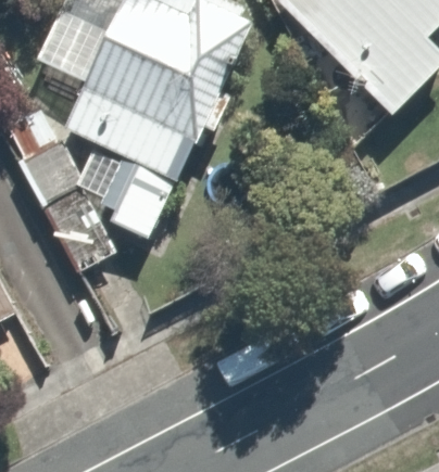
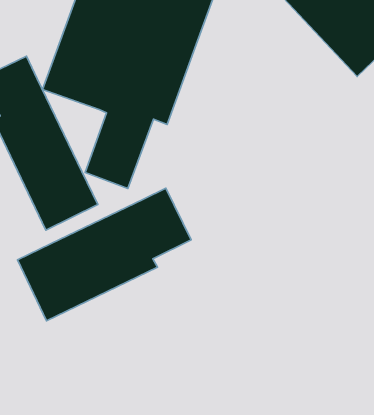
building: none -> [17,188,191,321]

